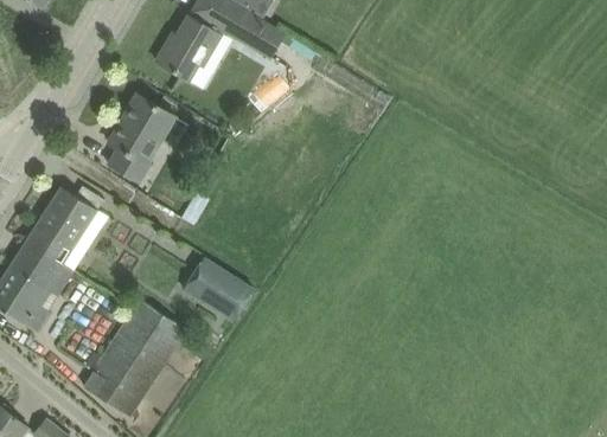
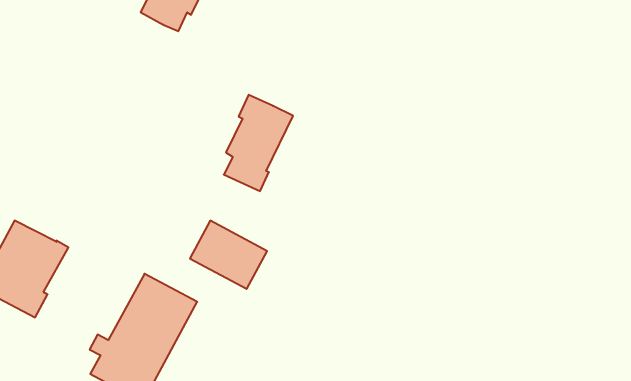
building: [107,94,174,182] -> [224,95,293,191]
building: [25,187,107,270] -> none

